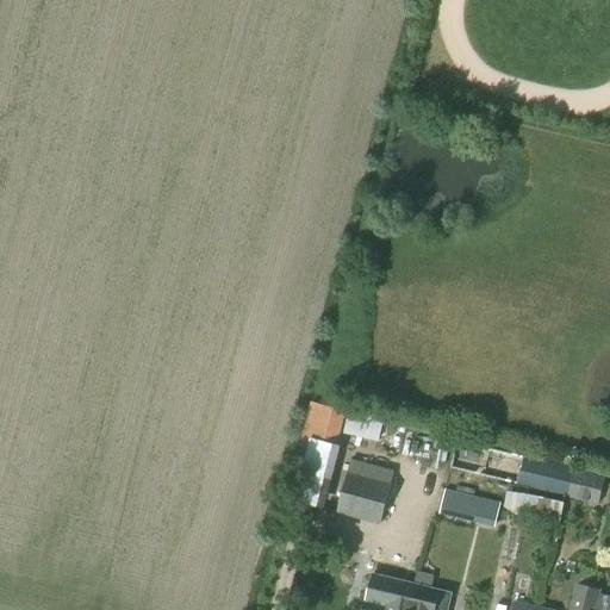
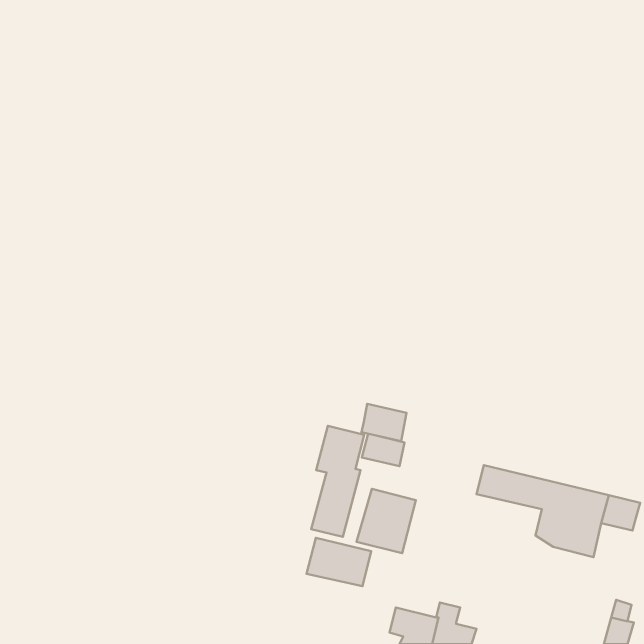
building: none -> [362,404,406,441]
building: [440,491,502,525] -> none
building: none -> [307,538,371,586]

